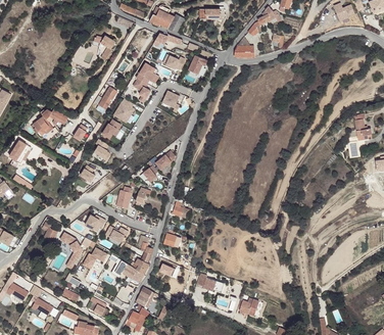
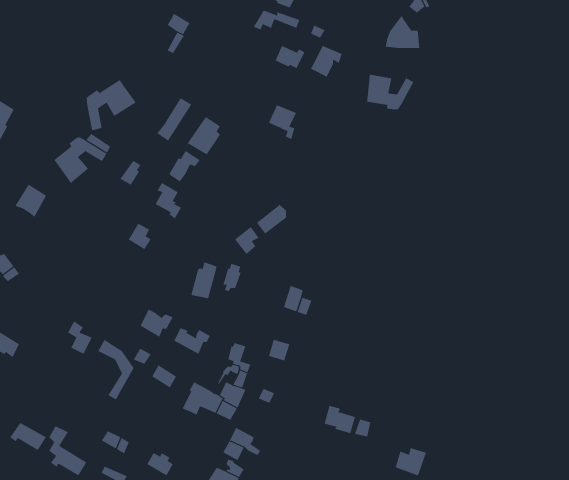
building: [133,62,155,102] -> none
building: none -> [366,74,414,110]
building: none -> [86,79,137,131]

